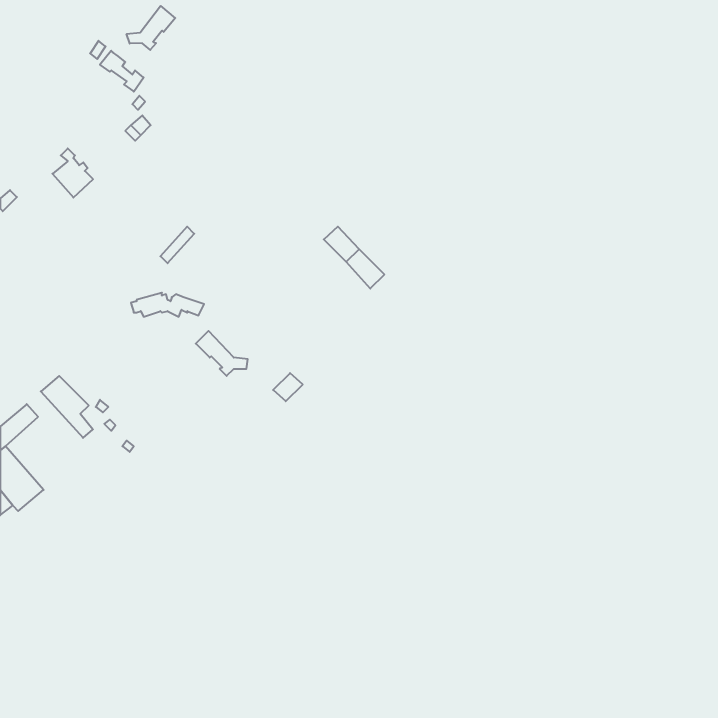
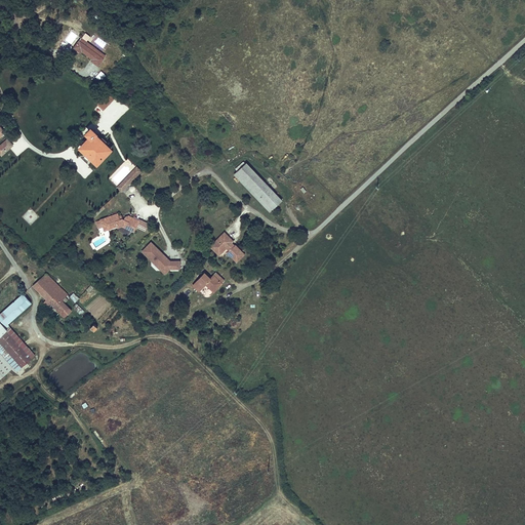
building: [127,6,175,50] -> none
building: [52,148,93,198] -> [77,122,107,158]
building: none -> [211,235,245,264]

